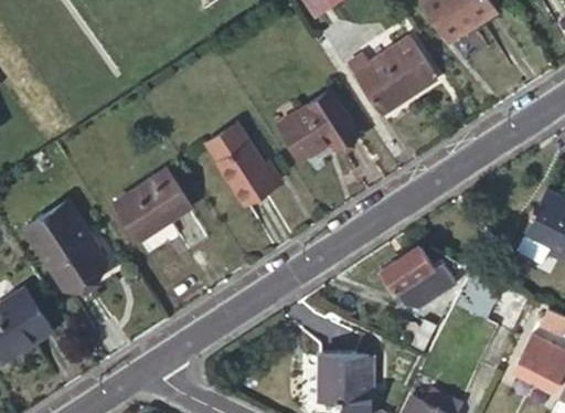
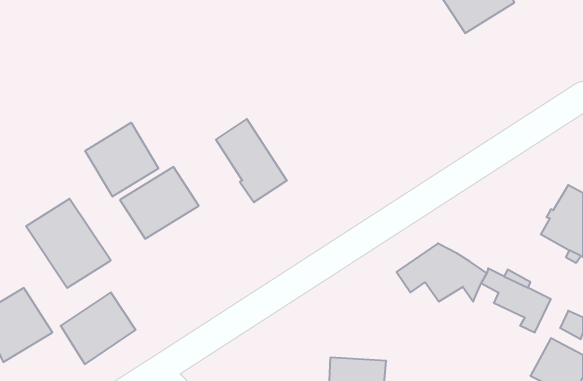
building: [349,38,437,116] -> none
building: [280,91,359,159] -> none
building: none -> [85,123,158,197]
building: none -> [61,292,136,364]

